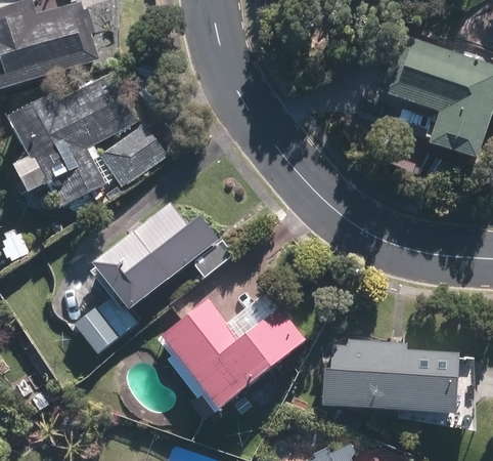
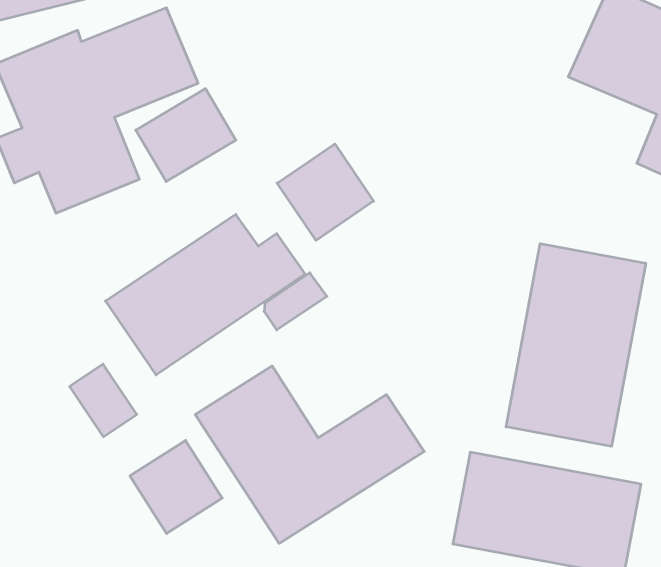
building: none -> [277,144,374,240]
building: none -> [506,244,646,446]
building: none -> [130,440,222,534]

